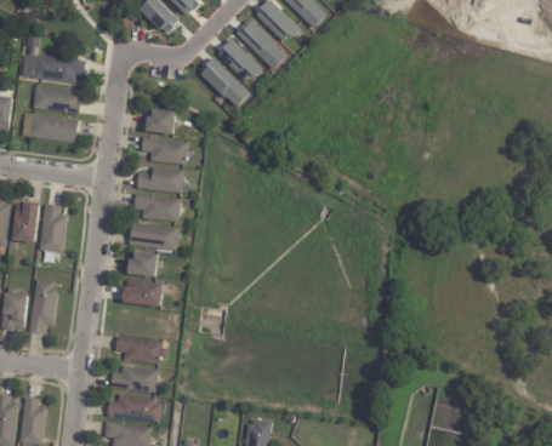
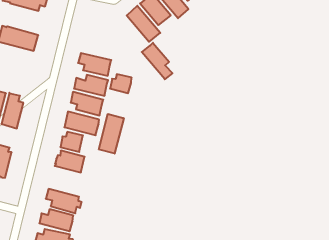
building: [29,82,79,112] -> none
building: [140,107,169,132] -> [110,74,132,93]
building: none -> [142,43,172,79]
building: none -> [99,114,124,154]

